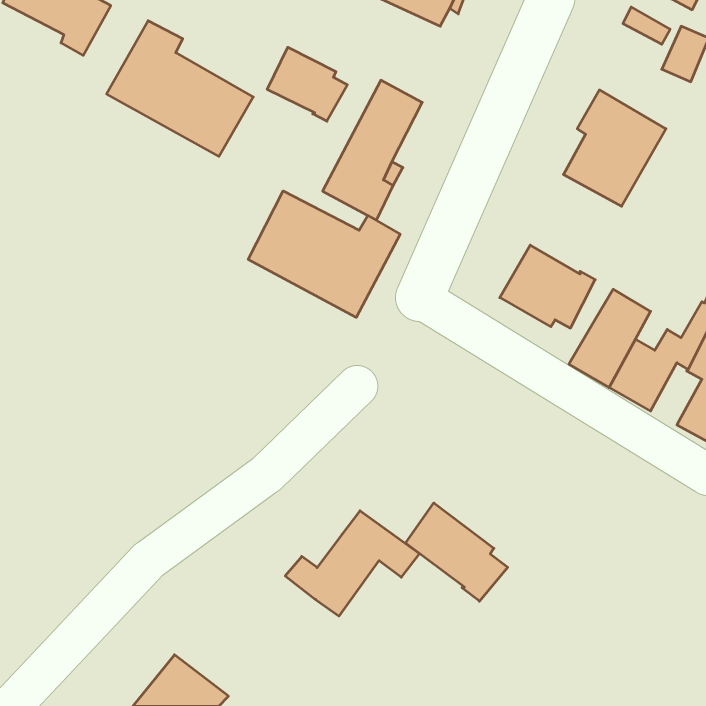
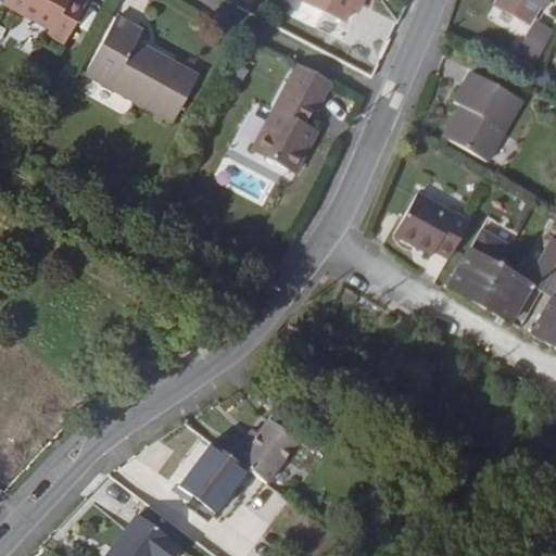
building: [267,47,347,121] -> none
building: [248,191,400,317] -> none
building: [405,503,508,601] -> none
building: none -> [179,441,249,513]

